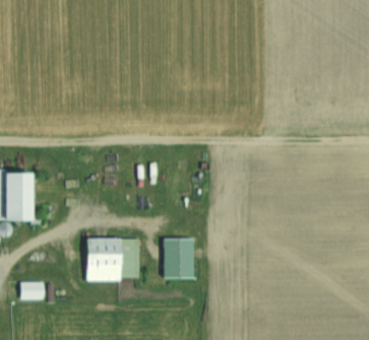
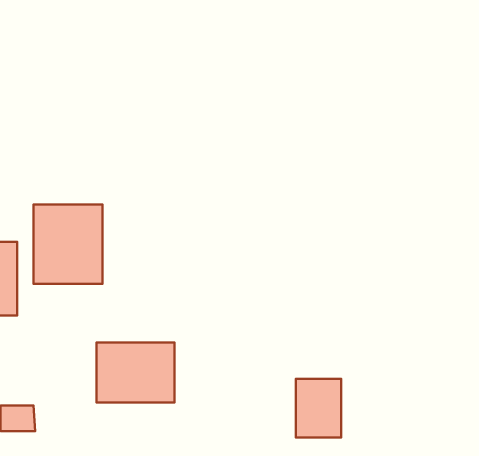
building: none -> [34,205,102,284]
building: [164,239,194,278] -> [296,379,341,438]

